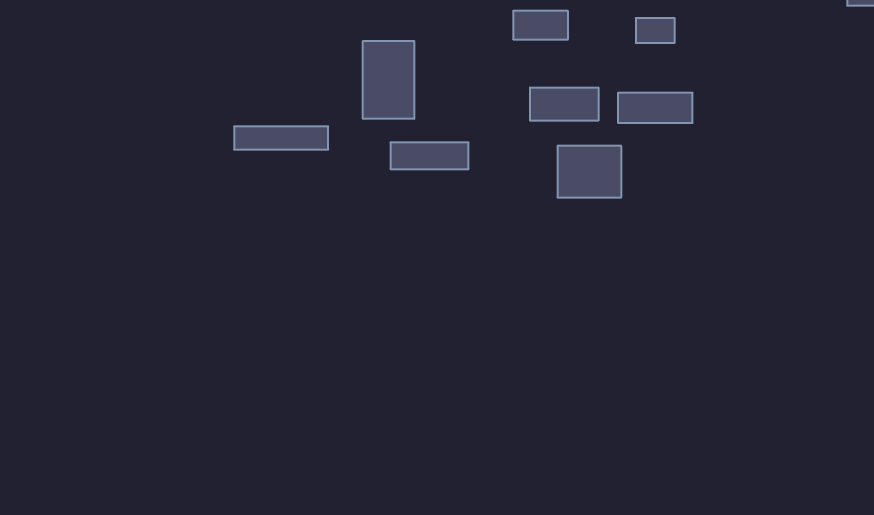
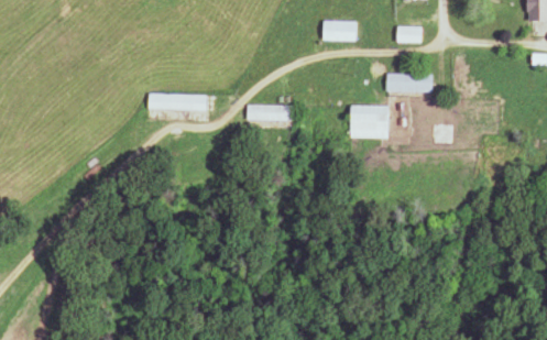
building: [363,41,414,119] -> none
building: [530,87,598,121] -> none

